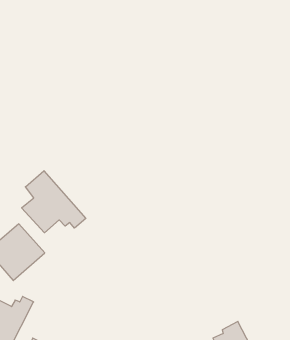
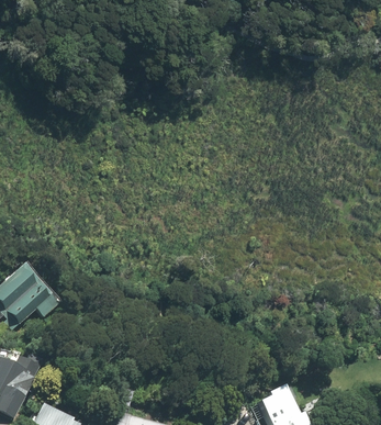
building: [22,171,86,233] -> none

